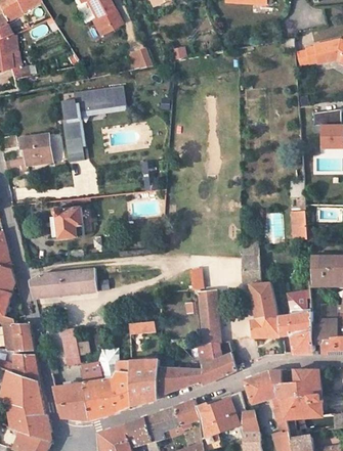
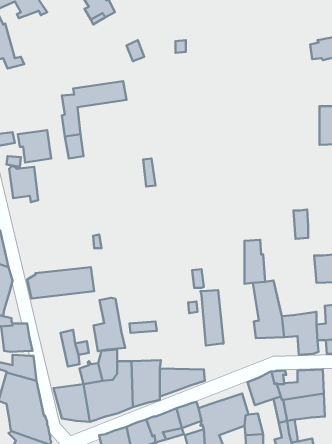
building: [53,207,82,242] -> [9,166,38,202]
building: [287,290,312,315] -> none
building: none -> [94,298,125,351]
building: [199,343,237,385] -> none

